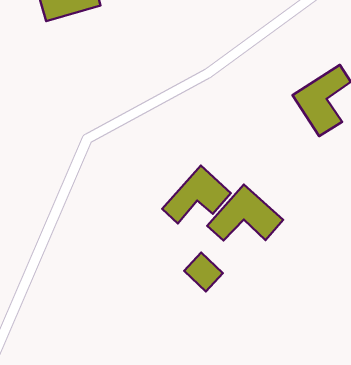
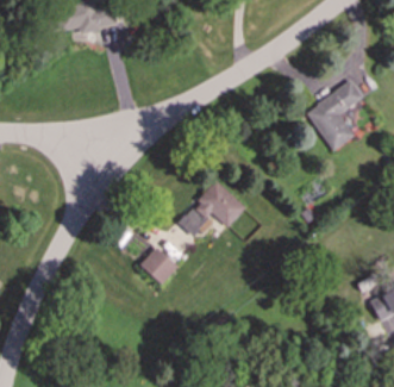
building: [207,184,283,240] -> none
building: [184,253,223,291] -> [139,246,177,285]

